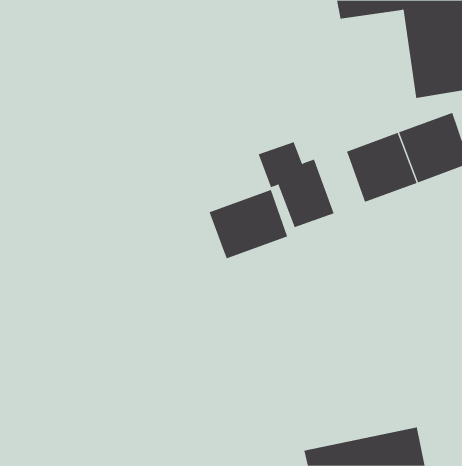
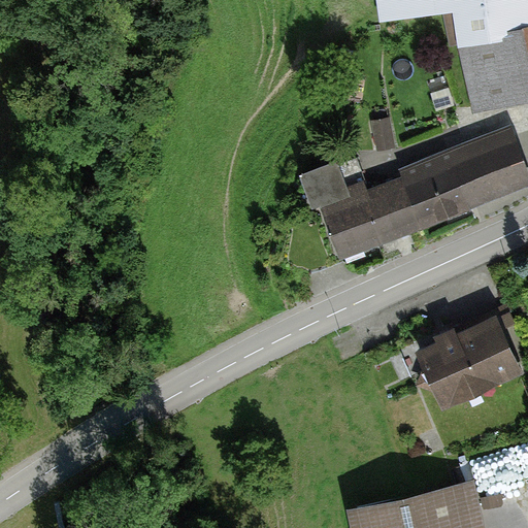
building: none -> [364,177,417,241]
building: [209,189,288,259] -> none
building: none -> [415,312,522,406]

